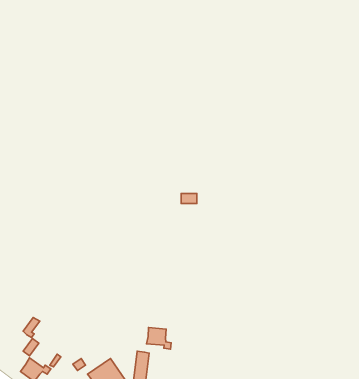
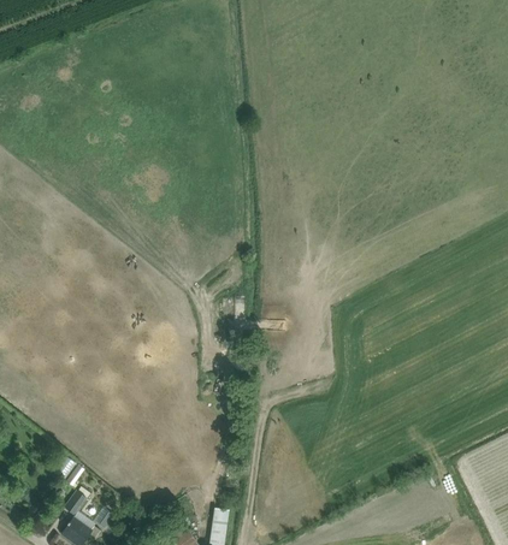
building: [147,328,171,349] -> none

